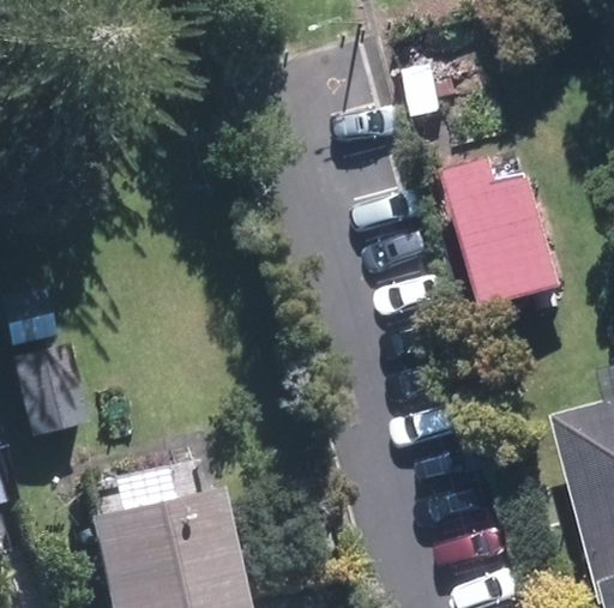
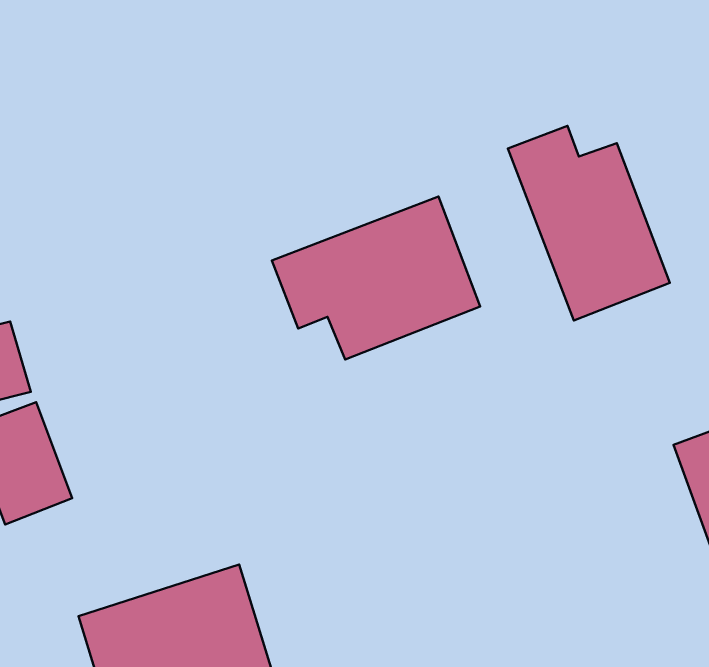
building: none -> [272,196,480,359]

